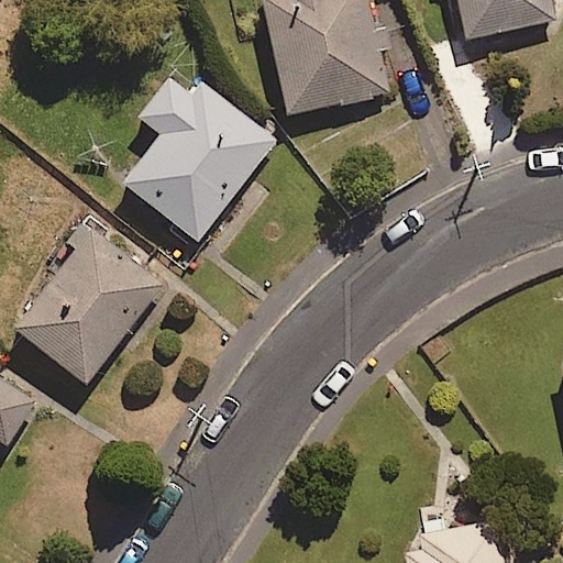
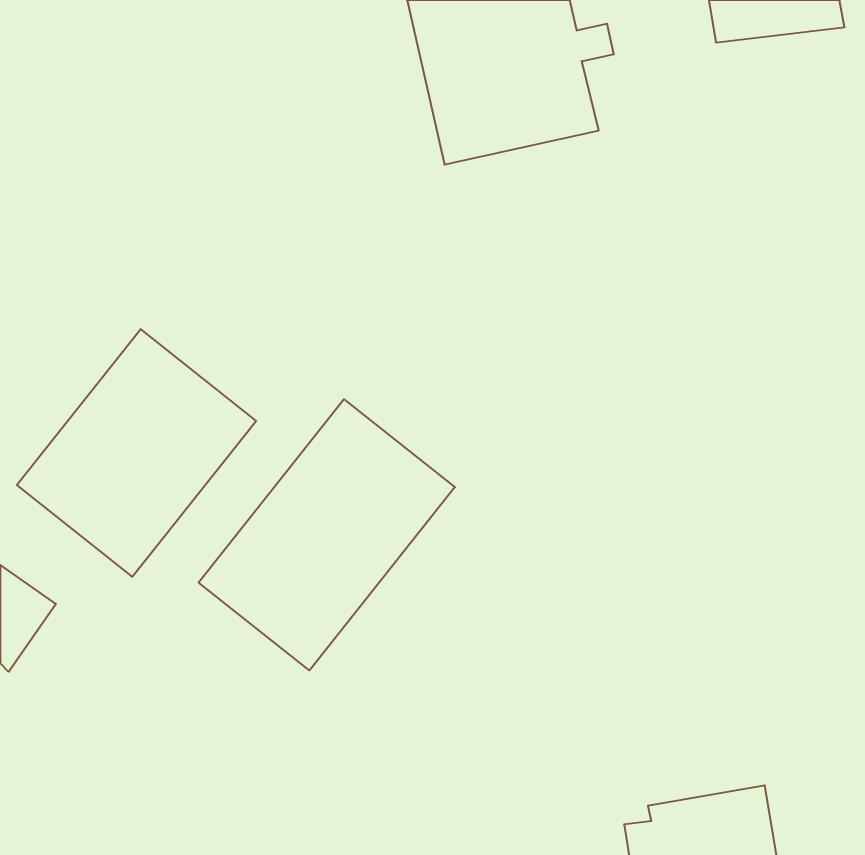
building: [123,76,275,240] -> none
building: none -> [199,399,455,670]

